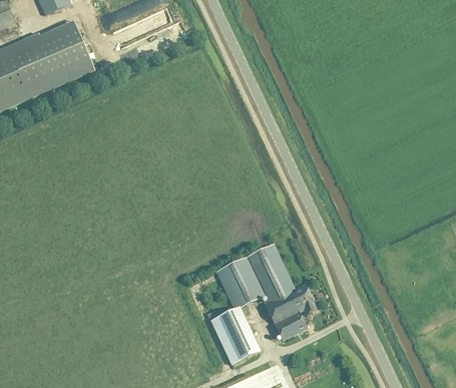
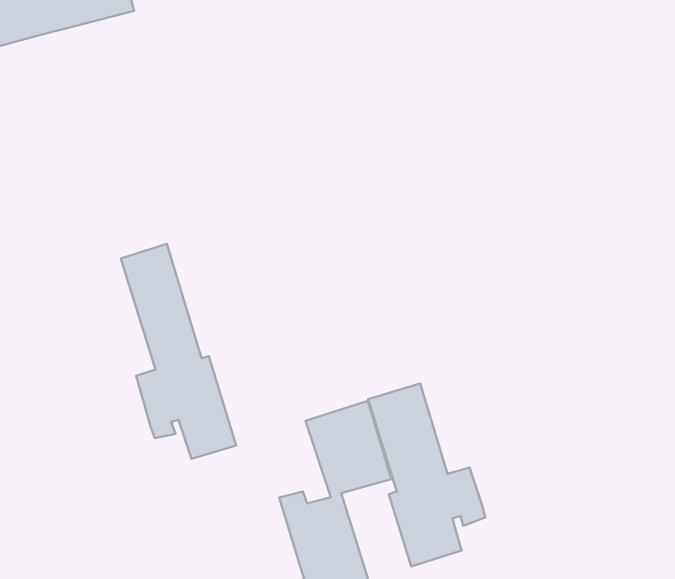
building: none -> [121,244,236,459]

